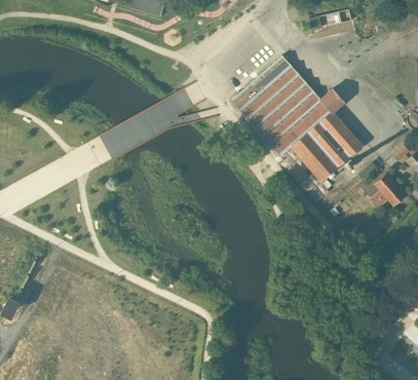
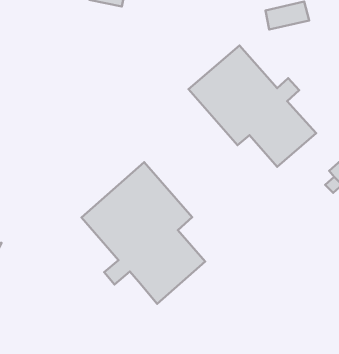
building: none -> [82,162,205,304]

